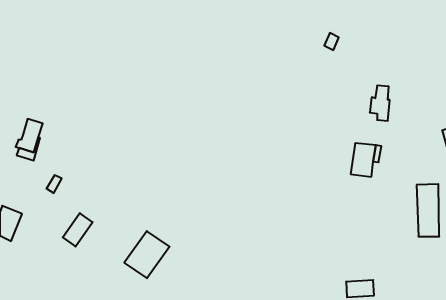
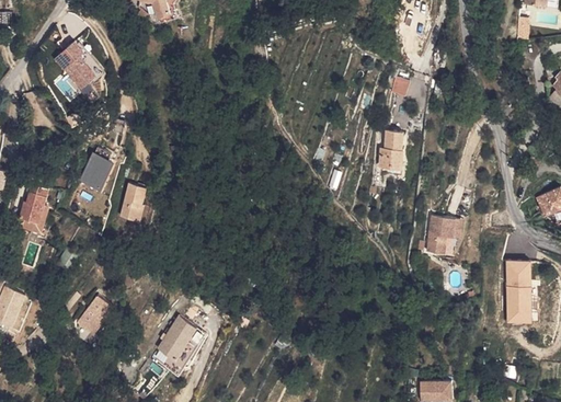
building: none -> [53,45,91,94]
building: [370,86,390,121] -> [378,131,402,174]
building: none -> [78,153,114,193]
building: none -> [117,186,149,223]

